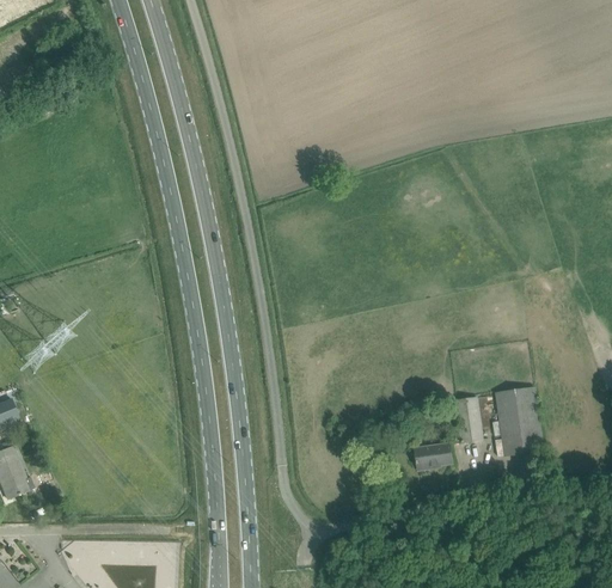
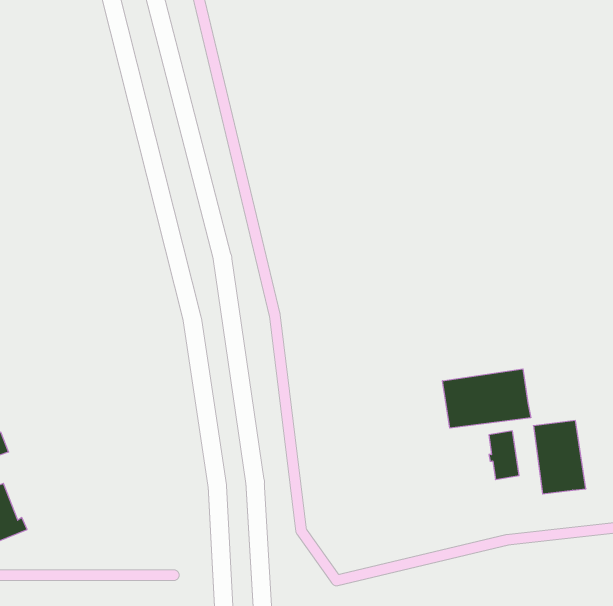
building: none -> [443,369,531,428]
building: [414,443,451,468] -> none

